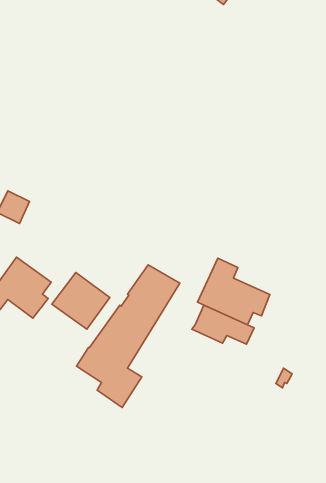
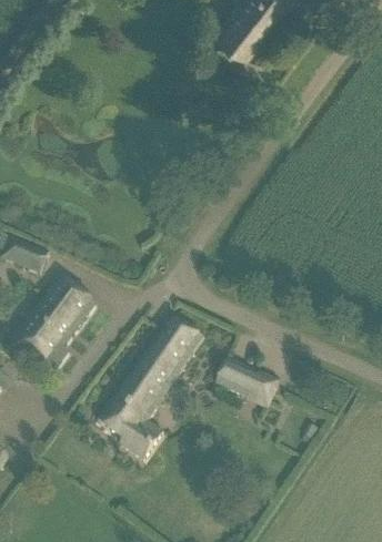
building: [198,258,270,325] -> none
building: [52,273,110,329] -> [38,276,97,334]

